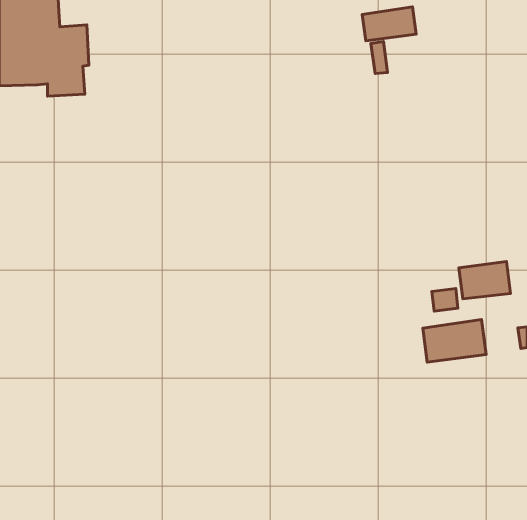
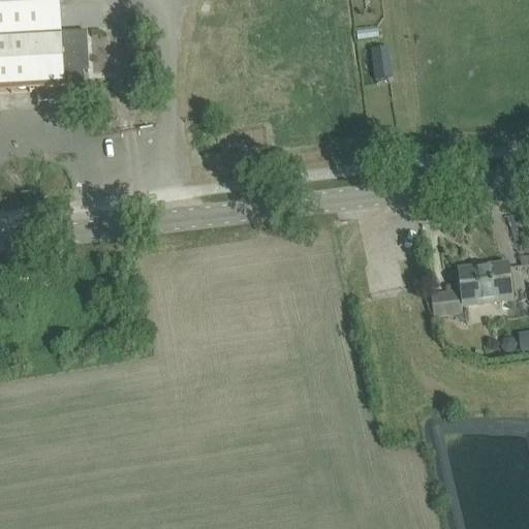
building: [362,7,416,41] -> none
building: [423,319,486,362] -> none

